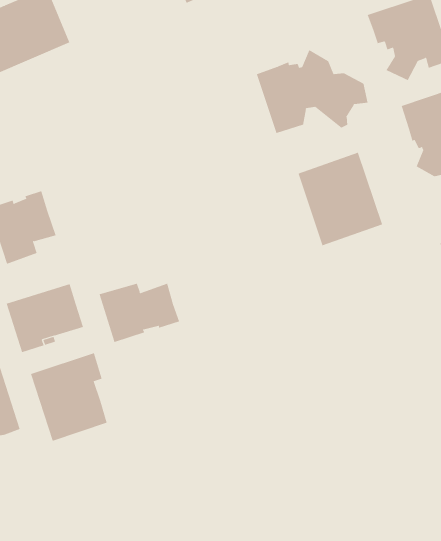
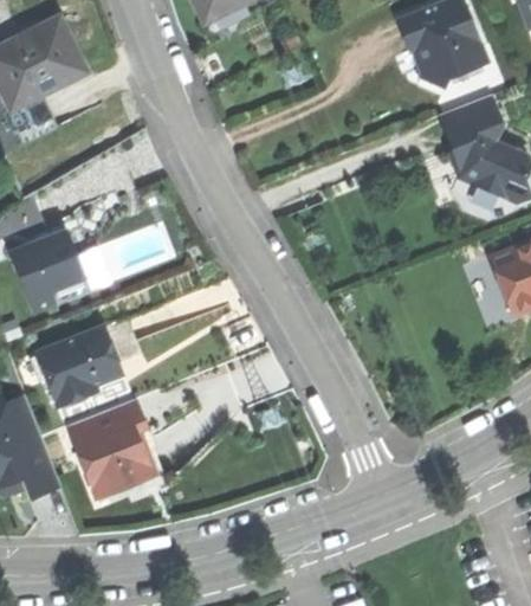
building: [256,49,368,134] -> none
building: [298,152,383,246] -> none
building: [99,283,180,343] -> none

